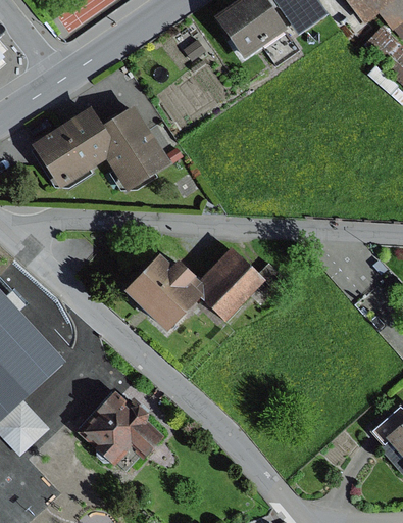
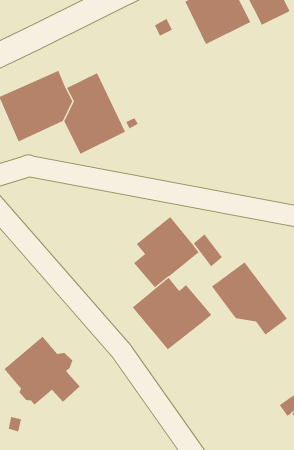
building: [121,256,207,334] -> [132,277,212,350]
building: none -> [211,261,288,336]

